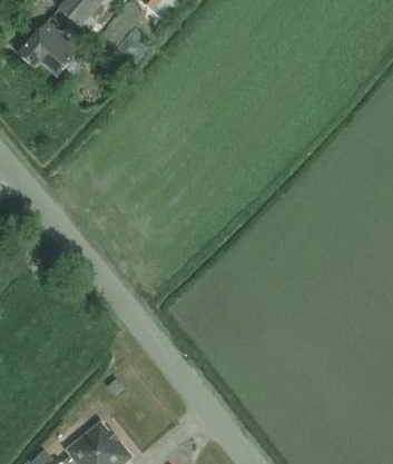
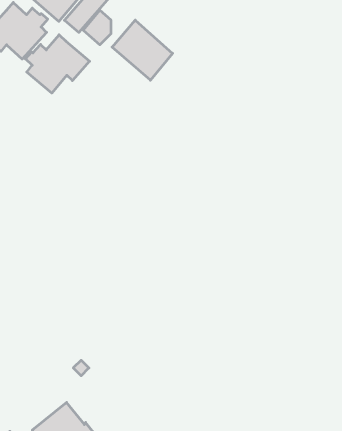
building: none -> [112,20,173,80]
building: none -> [25,35,90,93]

